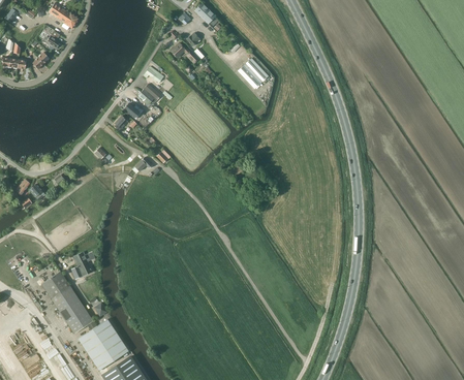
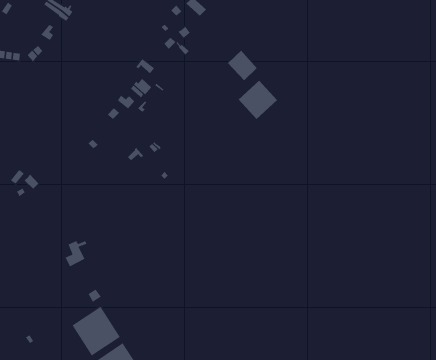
building: none -> [238,80,278,120]
building: [41,272,96,334] -> none

